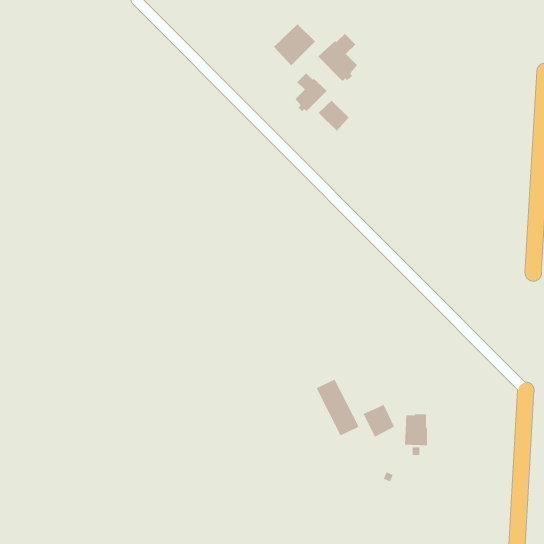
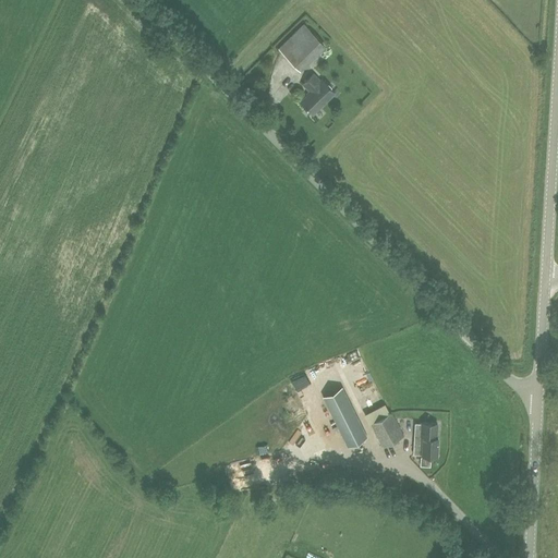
building: [317,33,358,82] -> none
building: [318,100,350,132] -> none

